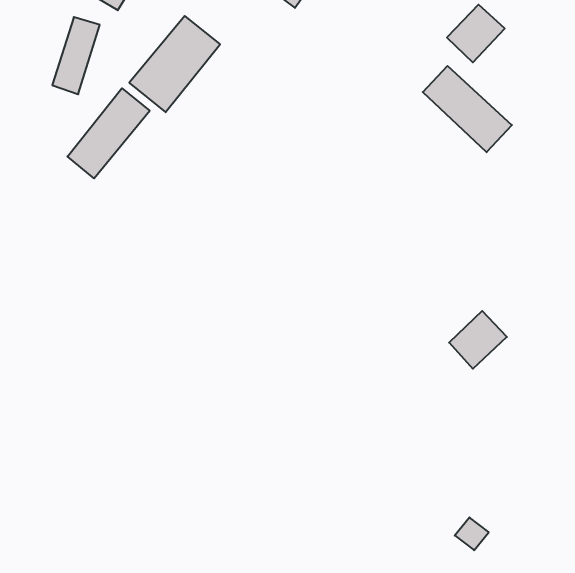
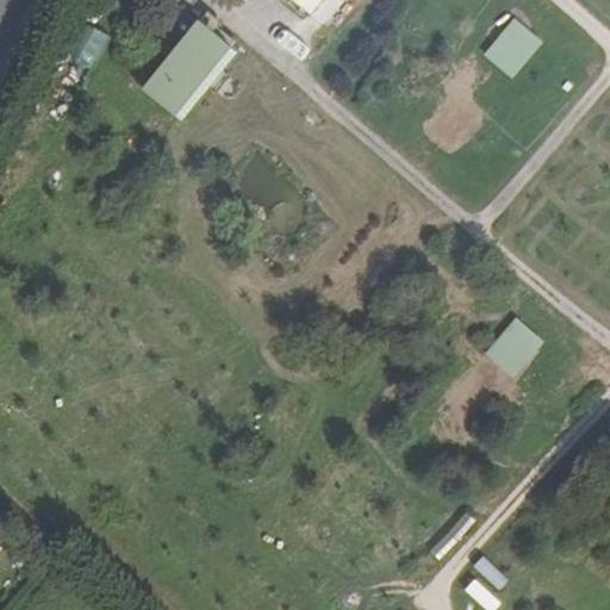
building: [423,66,512,152] -> none
building: [67,88,150,178] -> none

